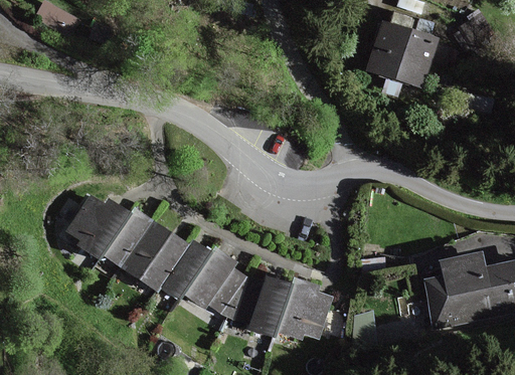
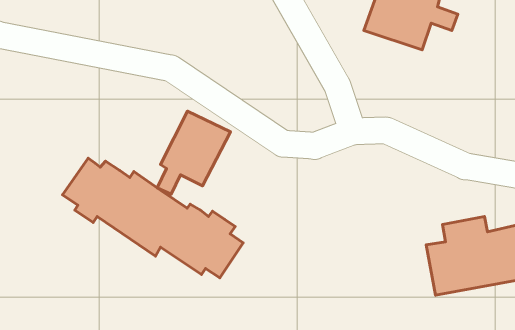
building: none -> [157,111,230,194]
building: [221,277,328,342] -> none

